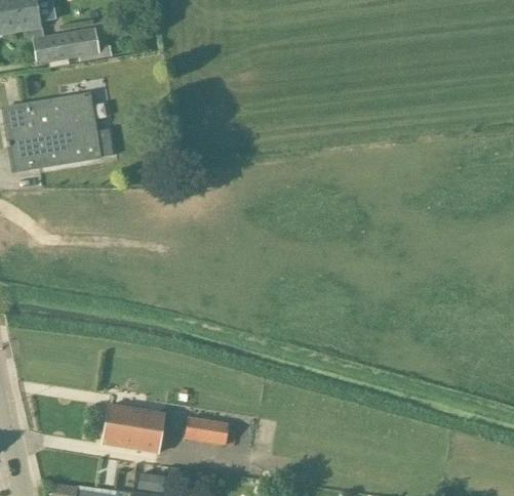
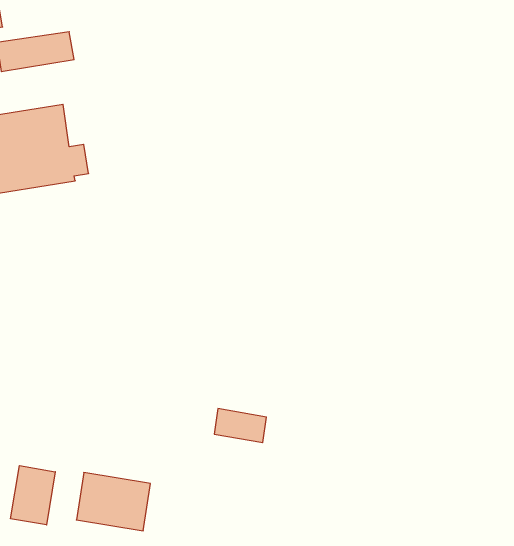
building: none -> [11,466,55,525]
building: [186,416,230,445] -> [214,409,266,443]

